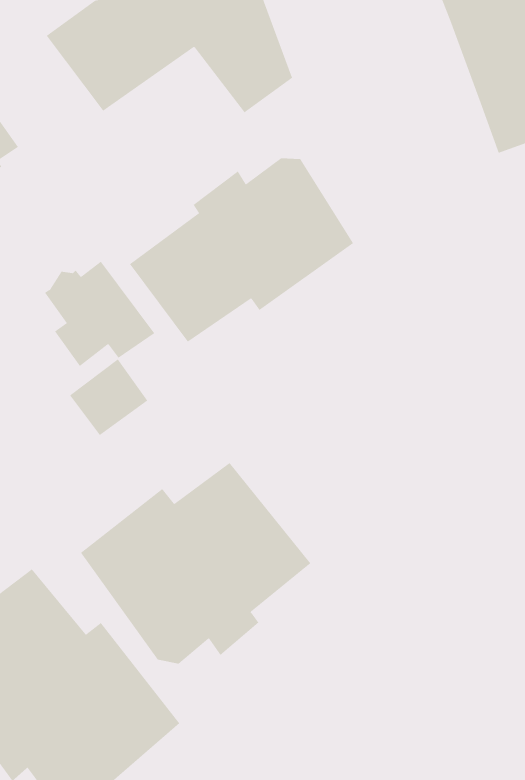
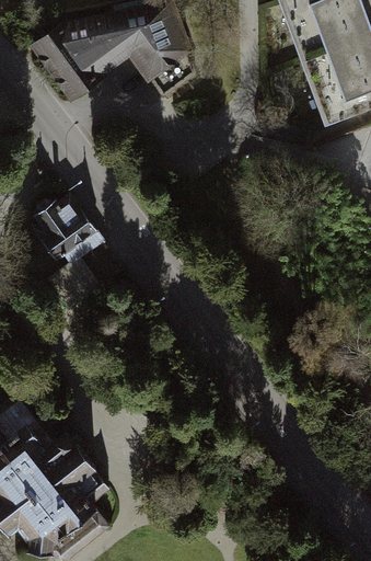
building: [129,158,354,343] -> none
building: [80,462,311,664] -> none

